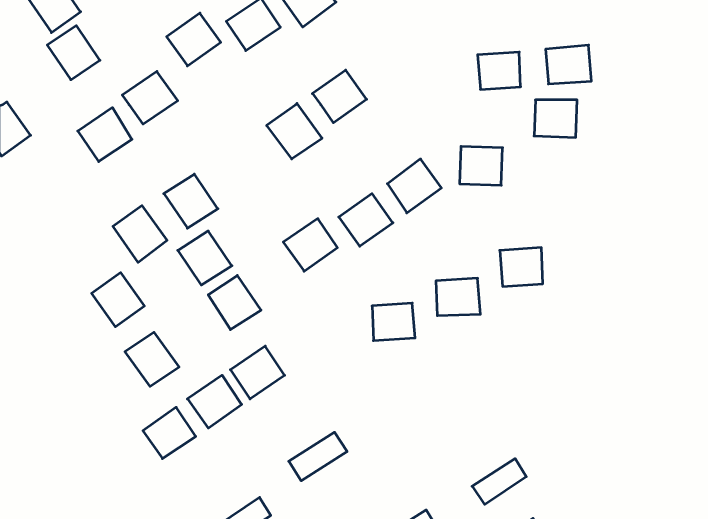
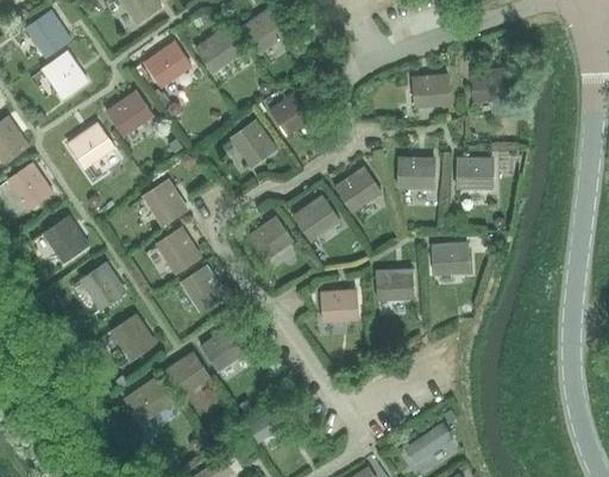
building: [534,100,577,137] -> [454,158,491,190]
building: none -> [7,164,54,211]
building: [113,206,167,262] -> [43,216,89,265]

